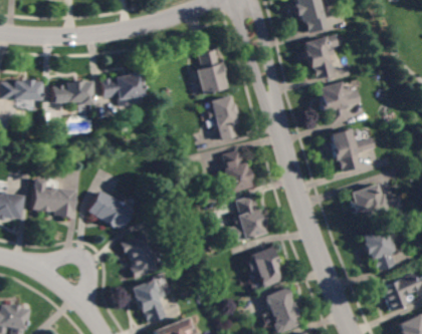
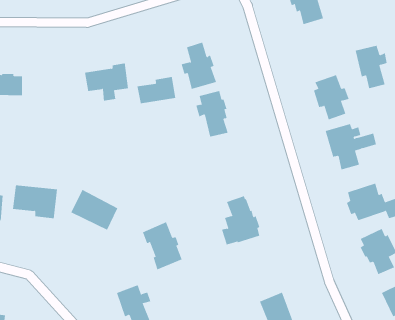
building: [305,37,337,78] -> [355,45,388,89]
building: [53,80,93,110] -> none
building: none -> [137,76,176,104]
building: [219,150,253,195] -> none
building: [121,234,159,280] -> [142,222,182,270]
building: [249,248,287,288] -> none

